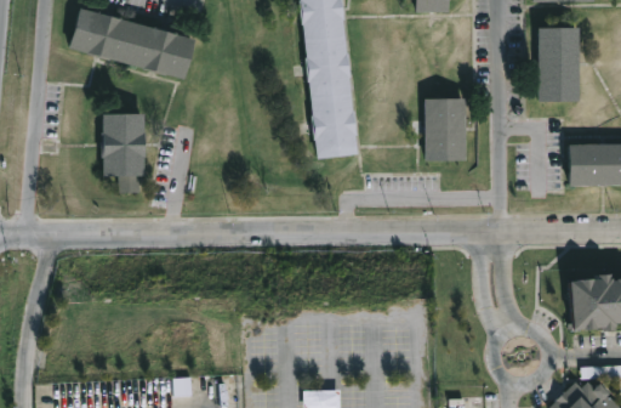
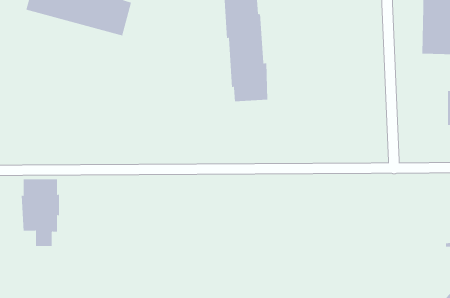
building: [426,97,467,160] -> none
building: [101,113,147,193] -> [21,179,60,246]

